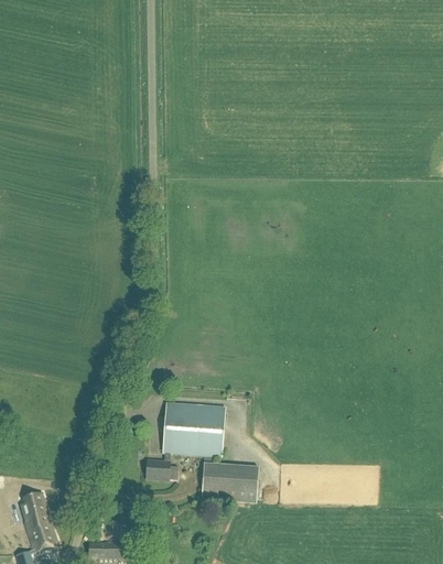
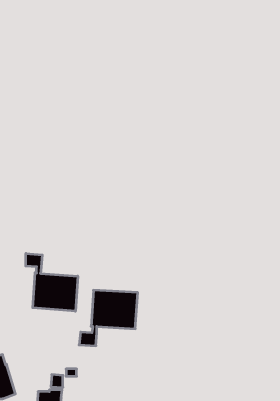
building: none -> [26,253,78,311]
building: [201,463,258,502] -> none

